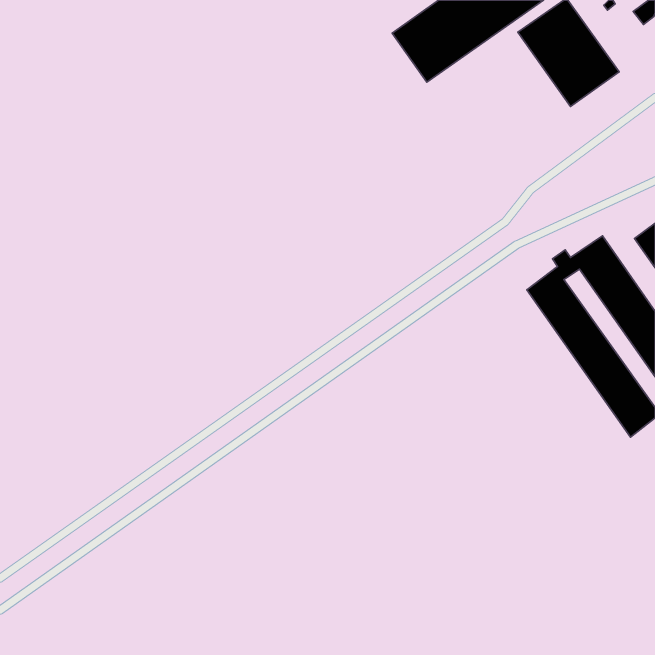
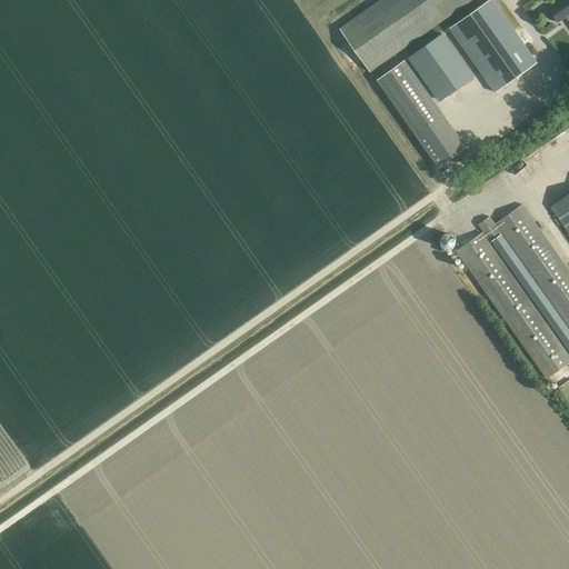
building: none -> [409,34,472,100]
building: none -> [377,60,466,167]

